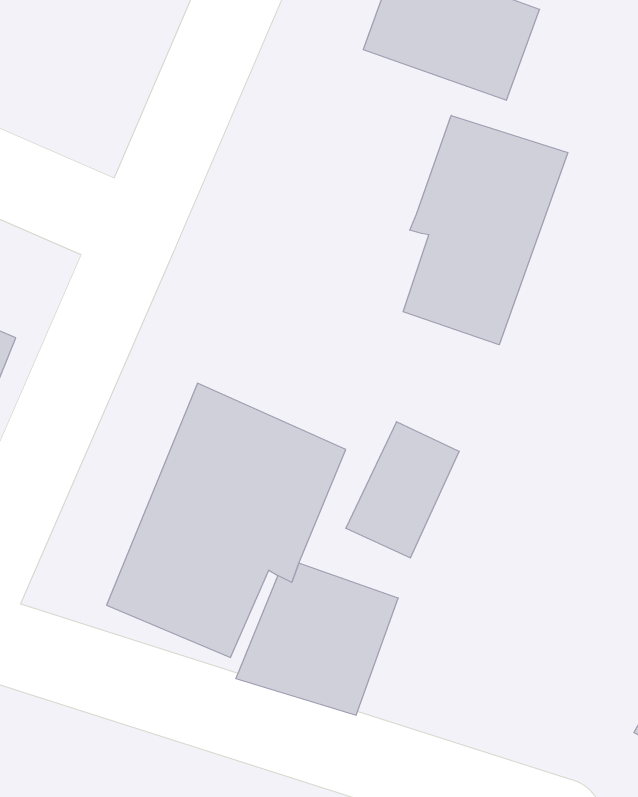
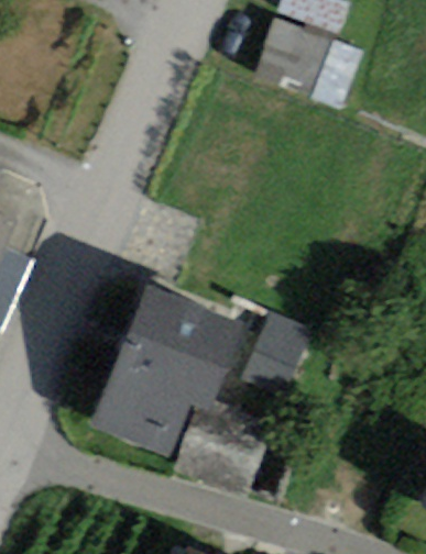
building: [403,115,568,345] -> none

